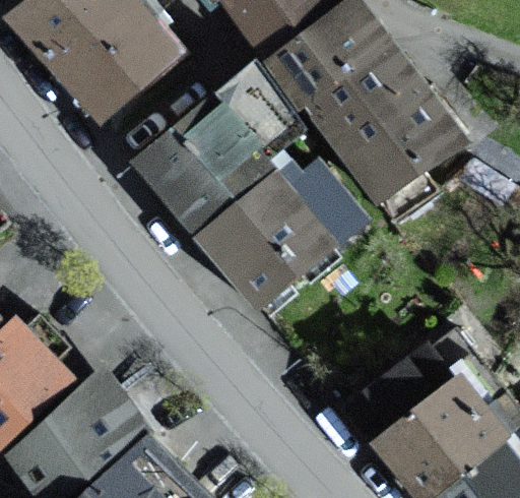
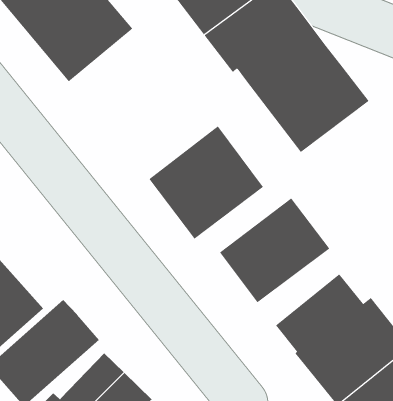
building: [141,60,316,232] -> none
building: none -> [219,198,330,303]

